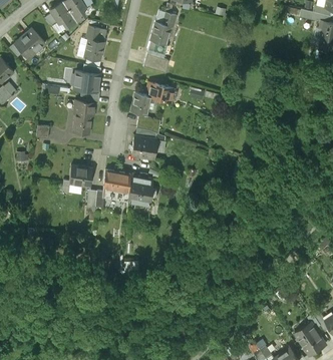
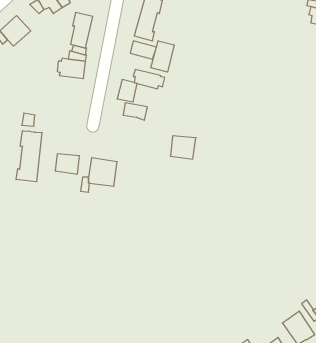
building: none -> [151,41,174,72]
building: [72,100,95,134] -> none
building: [131,135,156,158] -> [170,136,196,159]
building: none -> [16,131,42,182]
building: [127,171,155,201] -> none

